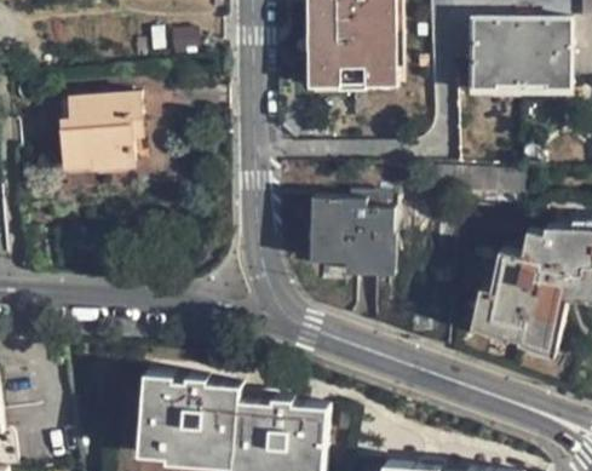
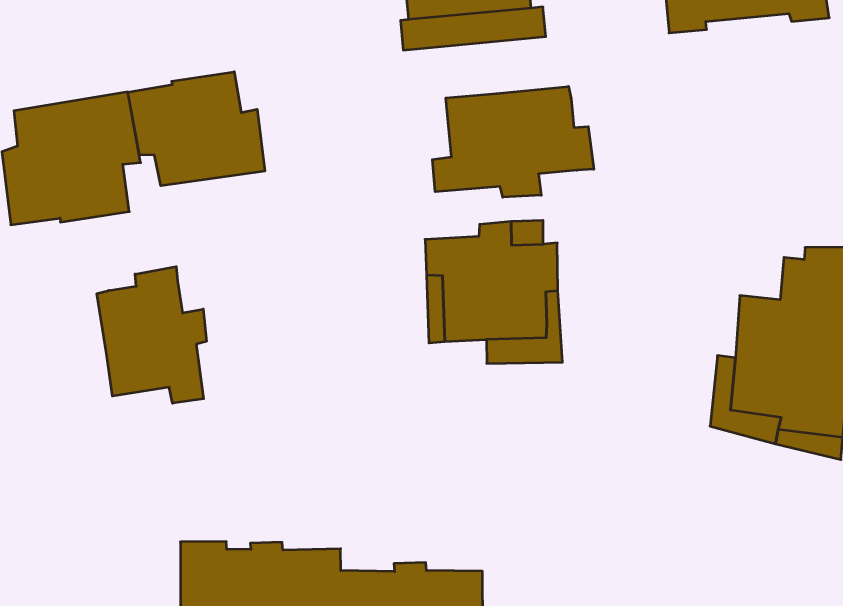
building: none -> [128,72,265,186]
building: none -> [432,86,594,197]
building: none -> [97,267,206,403]

